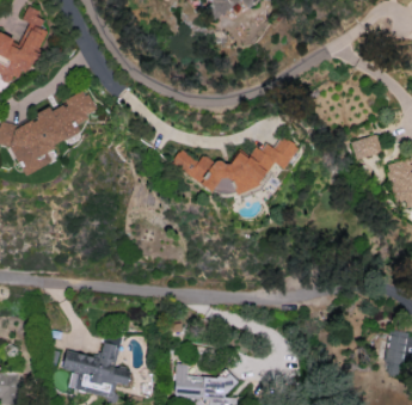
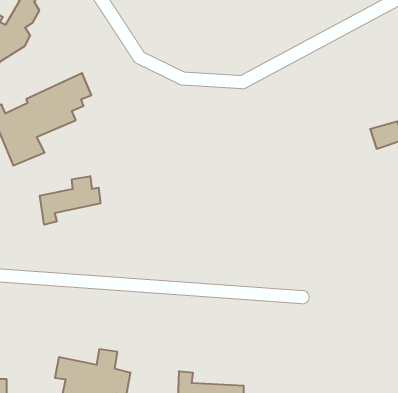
building: [170,136,299,198] -> none
building: none -> [40,176,100,225]

